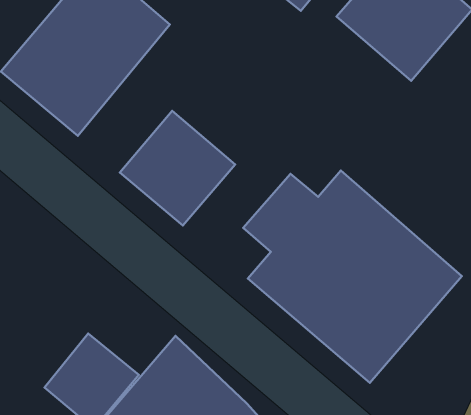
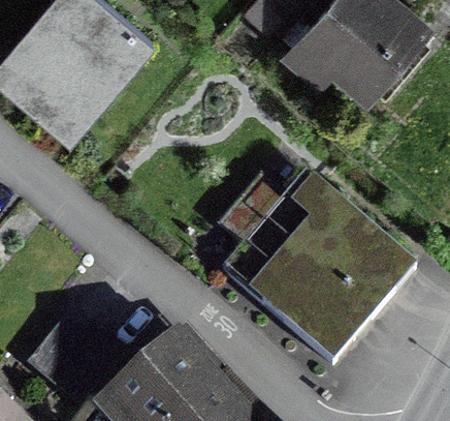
building: [120,111,235,225] -> none

